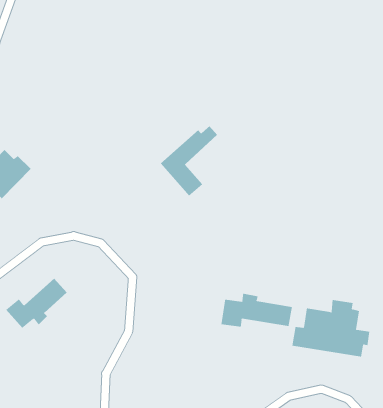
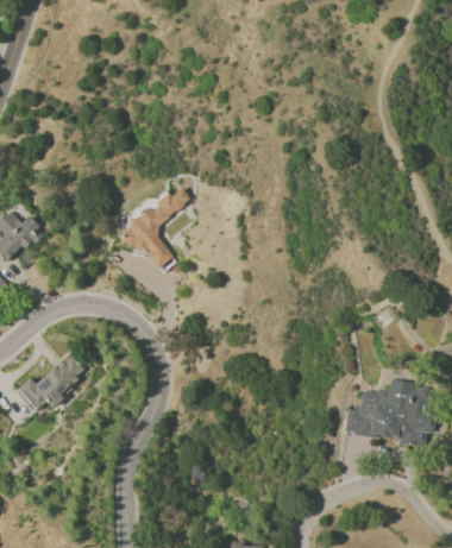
building: [160,125,218,197] -> [124,188,190,270]
building: [221,293,292,328] -> none

